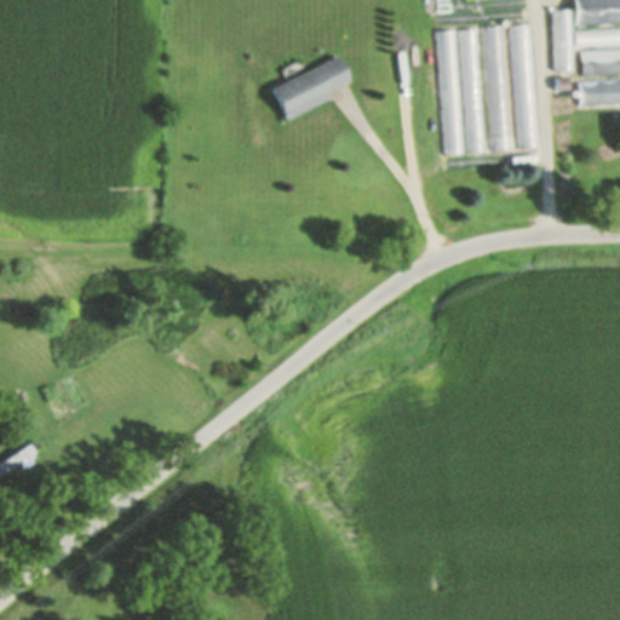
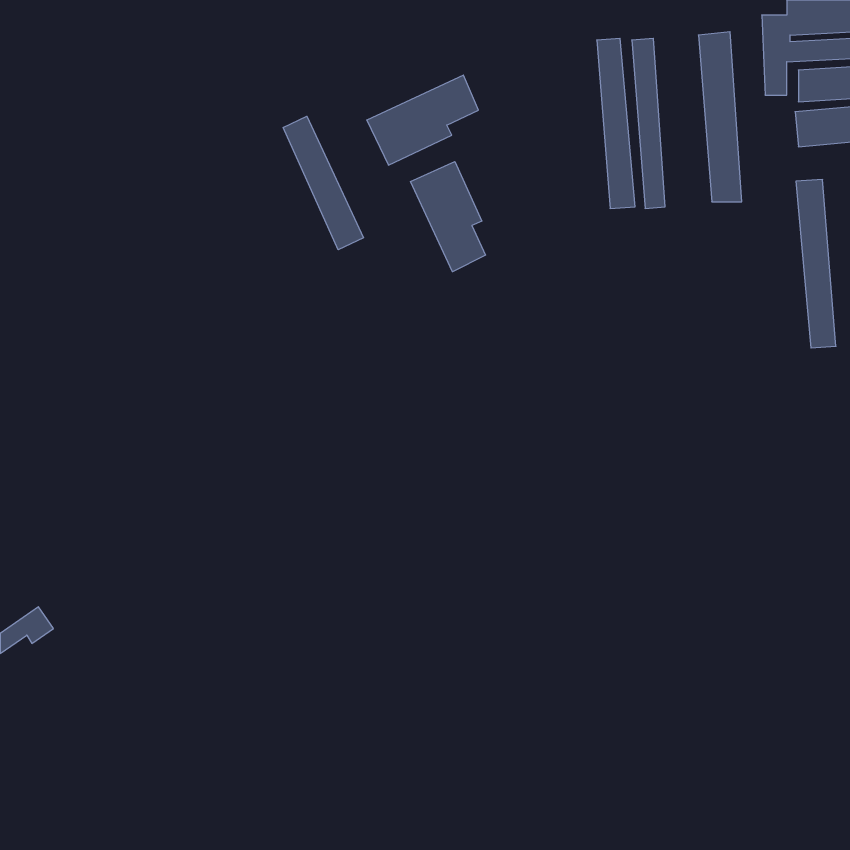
building: [483,28,512,150] -> [796,180,836,348]
building: none -> [283,116,363,250]
building: none -> [410,162,485,272]

